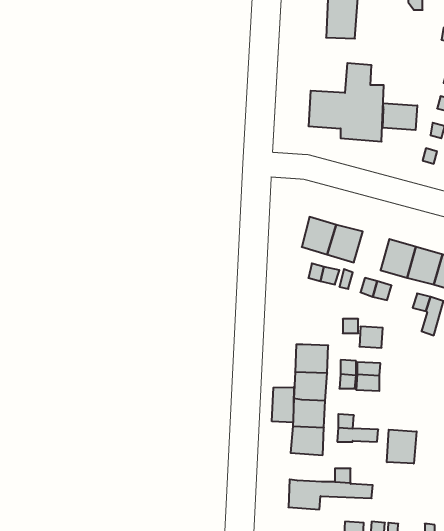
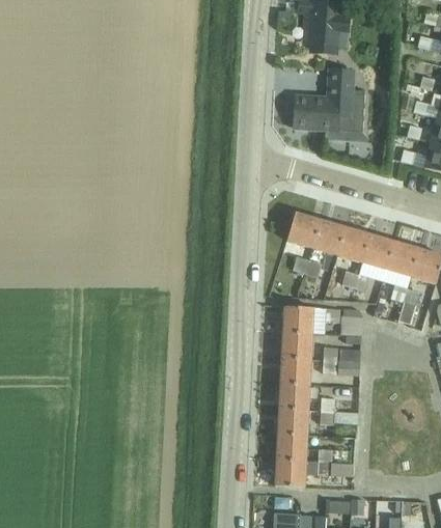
building: [383,103,417,130] -> none
building: none -> [336,226,369,262]
building: none -> [282,305,313,333]
building: [272,387,294,422] -> none
building: [387,430,417,464] -> none
building: none -> [276,434,307,461]

